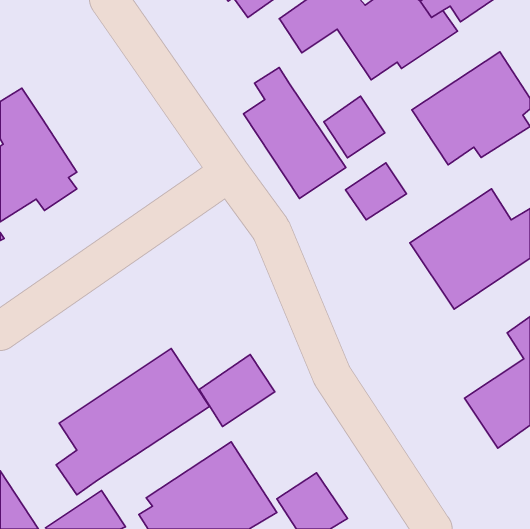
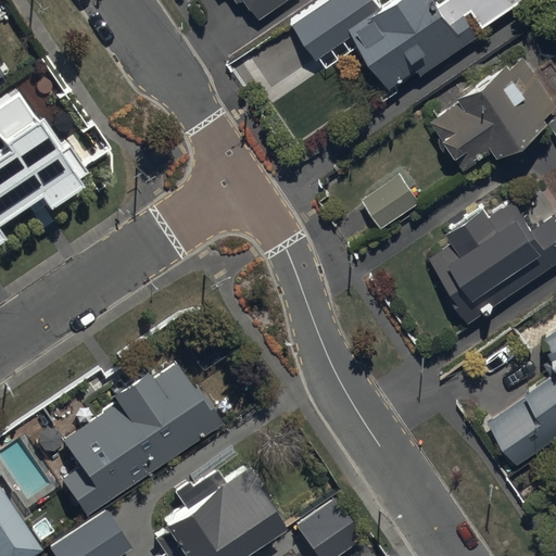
building: [243,68,346,198] -> none
building: [324,96,385,158] -> none
building: [199,355,275,426] -> none

